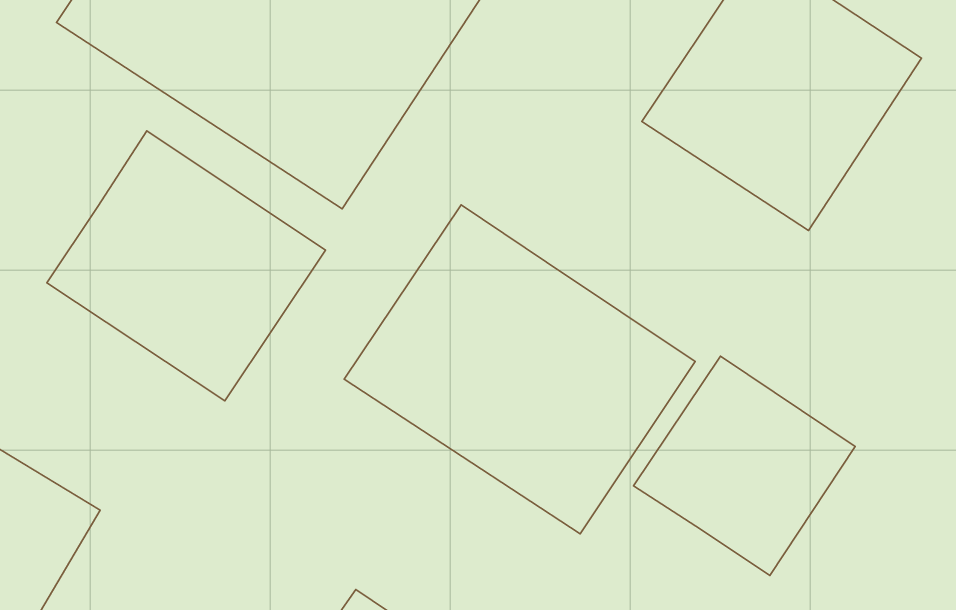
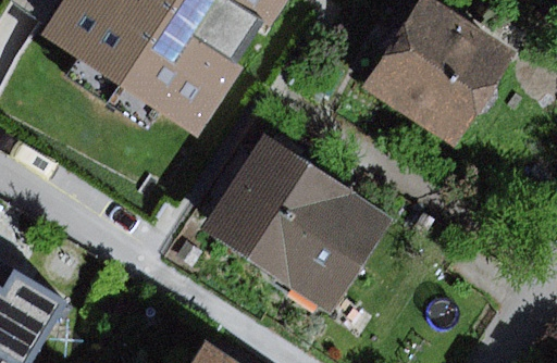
building: [47,131,325,401] -> none
building: [634,356,855,575] -> none

